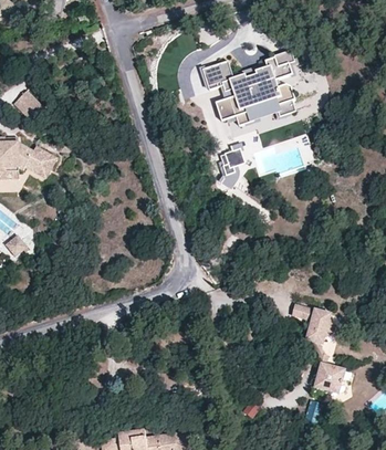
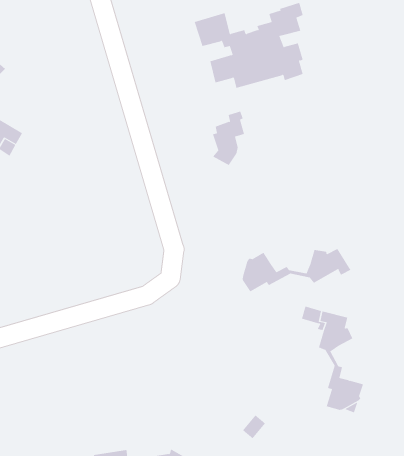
building: none -> [242,248,351,292]

